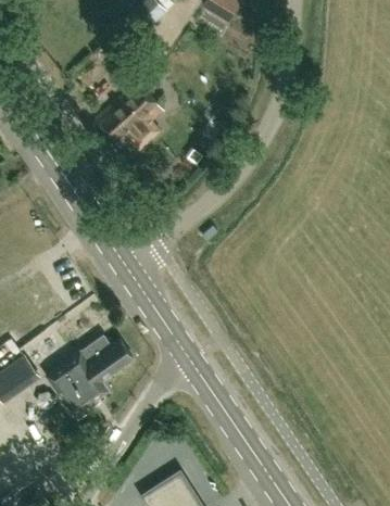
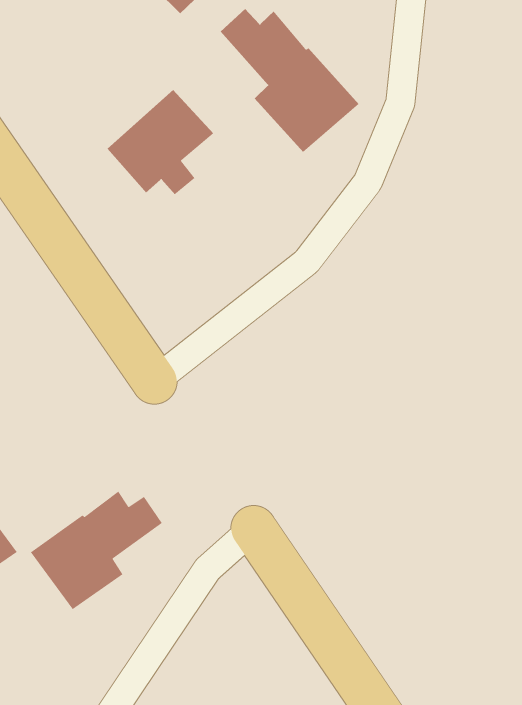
building: none -> [220,8,359,153]

